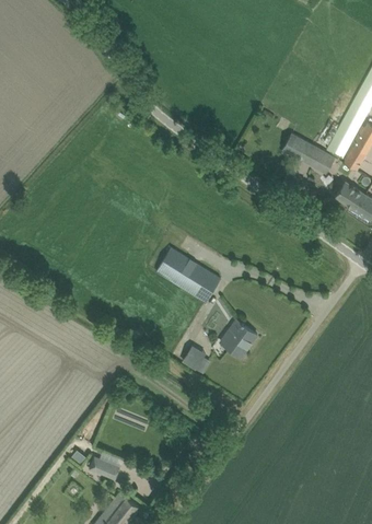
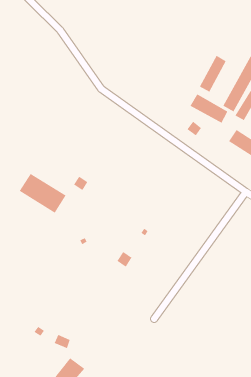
building: none -> [199,55,227,92]
building: [156,248,221,303] -> [19,173,66,213]
building: [220,321,257,358] -> none

